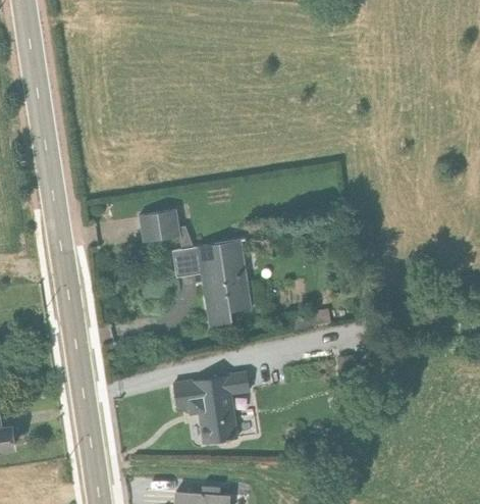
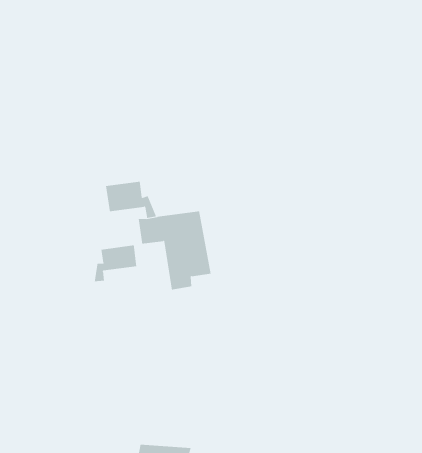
building: none -> [94,245,137,282]
building: [171,372,251,445] -> none

